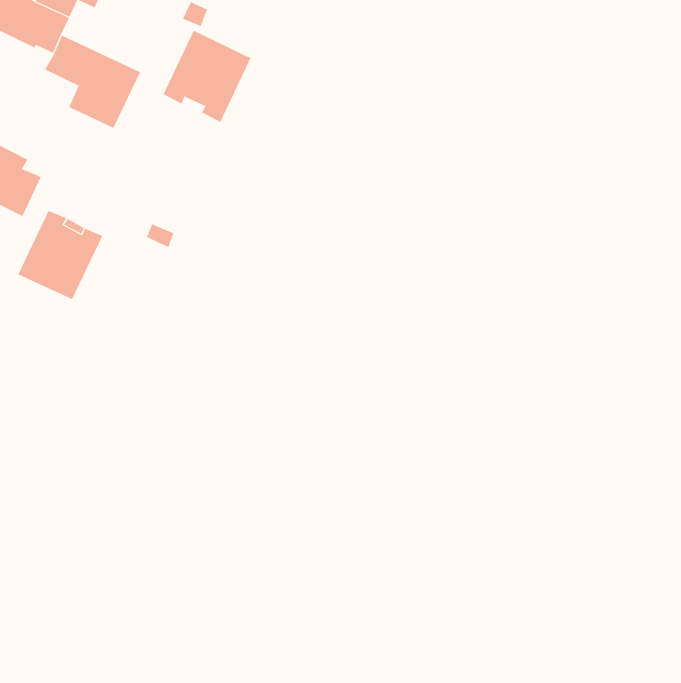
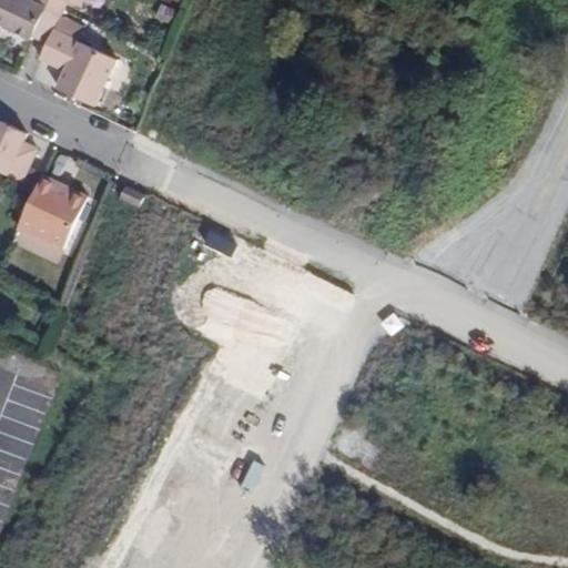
building: [163,30,251,123] -> none

